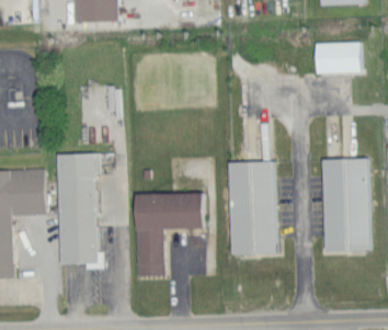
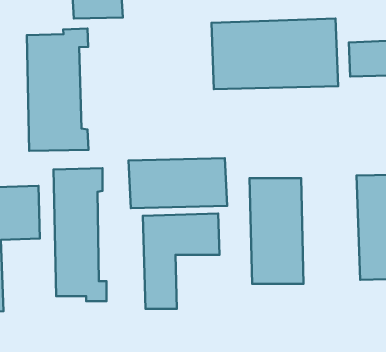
building: none -> [211,18,338,89]
building: none -> [27,29,88,151]
building: none -> [128,158,227,208]

